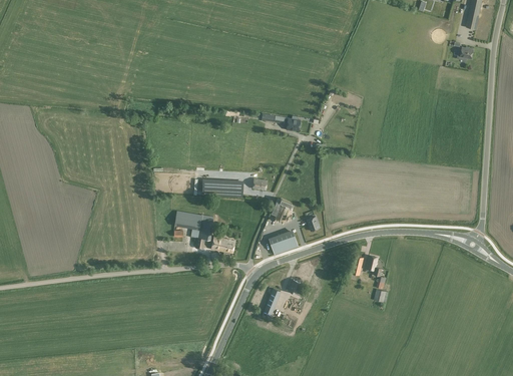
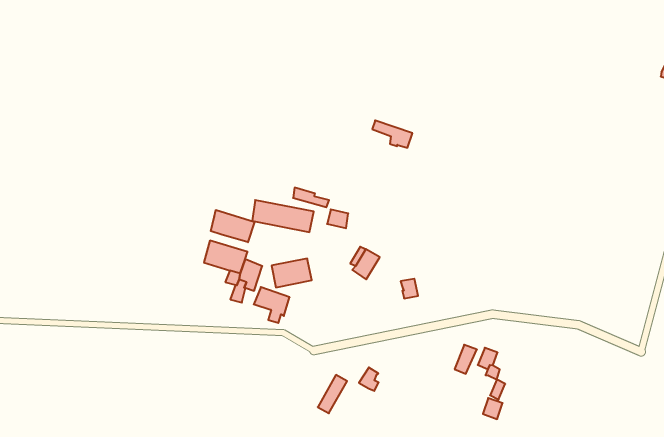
building: none -> [211,210,255,242]
building: [270,231,298,253] -> [272,259,312,287]

